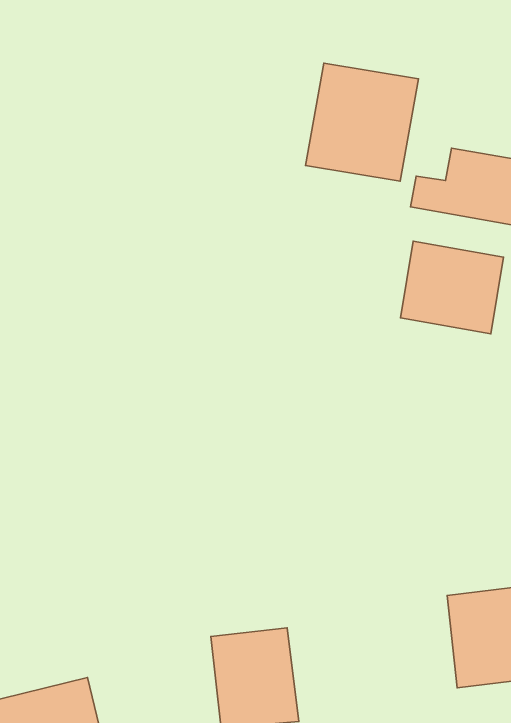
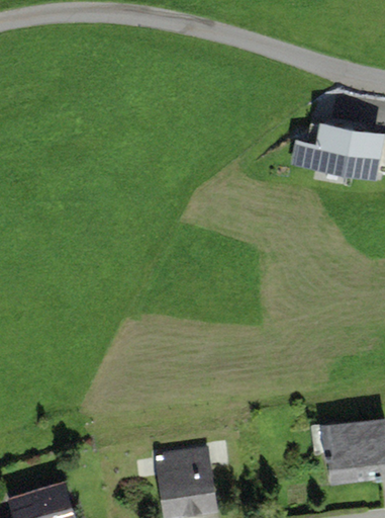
building: [305,63,418,181] -> none
building: [400,241,503,334] -> none

